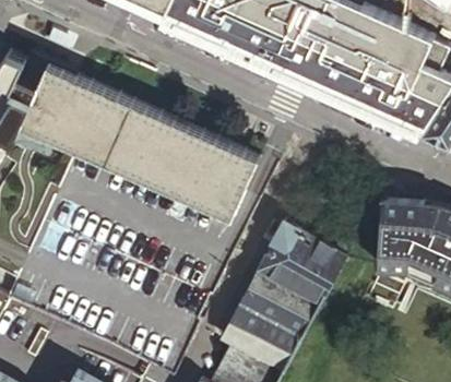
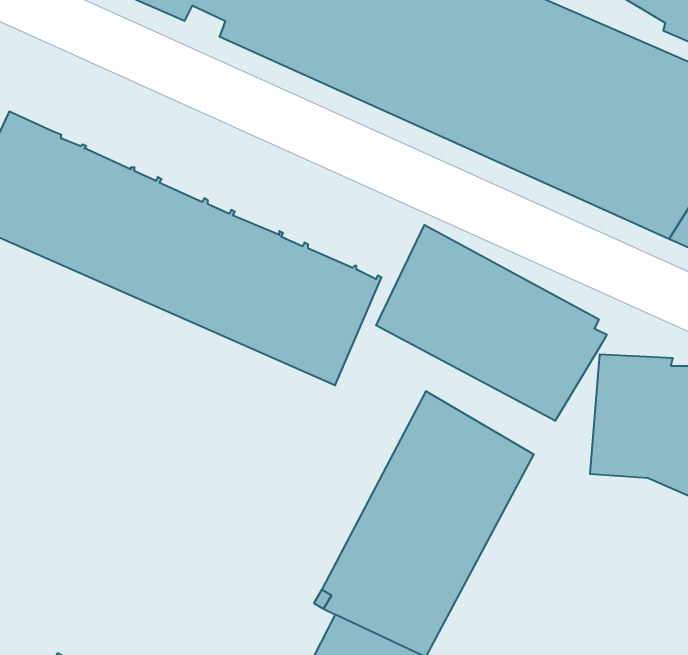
building: none -> [376,225,607,421]

